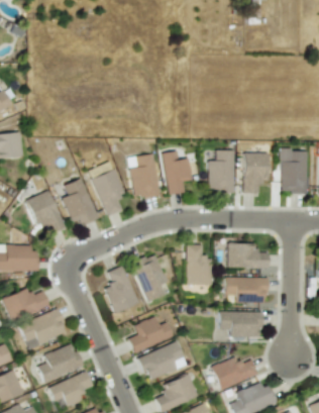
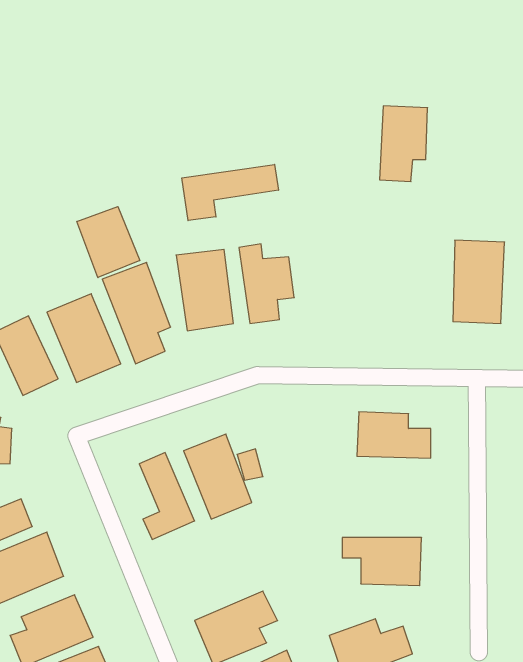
building: none -> [182,164,278,221]
building: none -> [77,207,140,278]
building: [208,150,234,191] -> none
building: [242,151,269,193] -> [380,106,428,182]
building: [186,244,211,285] -> none
building: [224,277,267,302] -> none
building: [128,316,173,352] -> none

